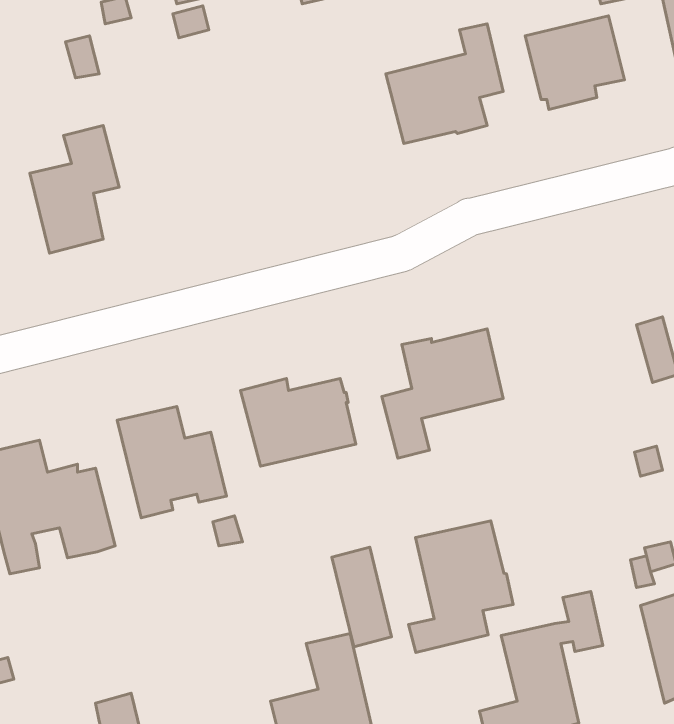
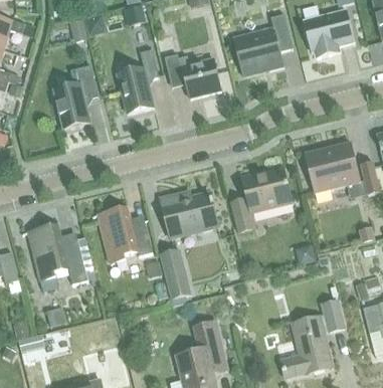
building: none -> [117,48,159,113]
building: none -> [164,53,221,96]
building: none -> [305,141,360,198]
building: [408,521,513,653] -> none
building: [332,547,392,647] -> [160,248,190,299]

